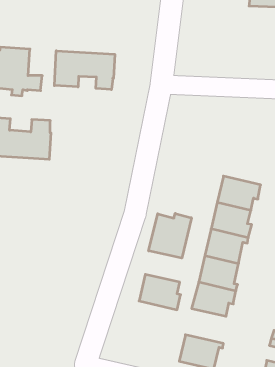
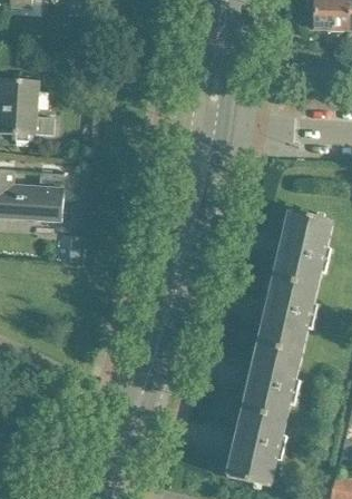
building: [54,51,115,90] -> none
building: none -> [282,209,333,254]
building: [149,213,191,258] -> none
building: [139,274,181,310] -> [234,410,286,454]

